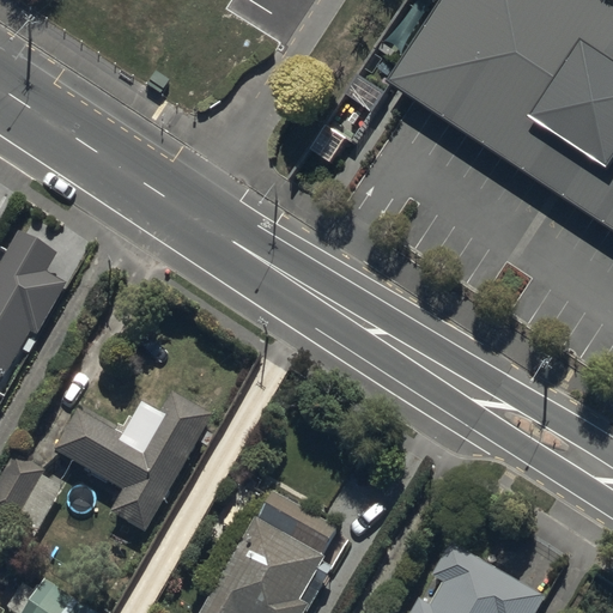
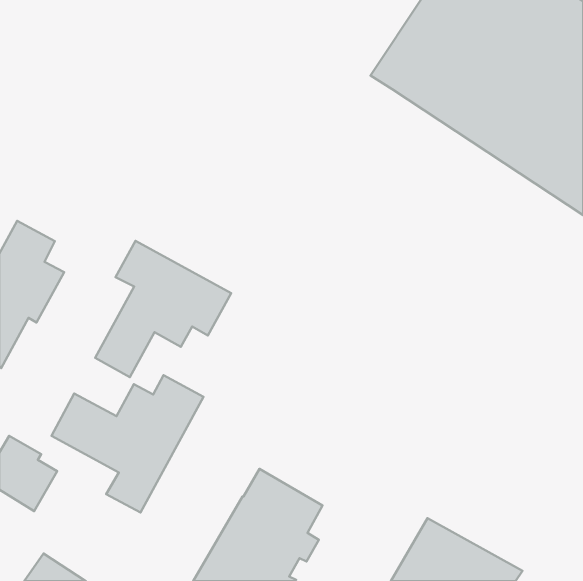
building: none -> [95,241,231,377]

